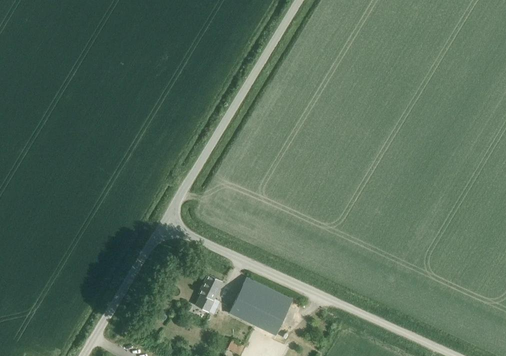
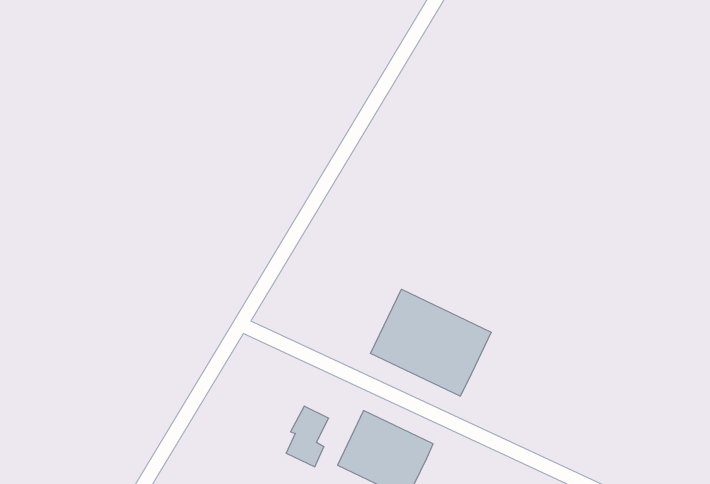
building: none -> [370,289,491,396]

